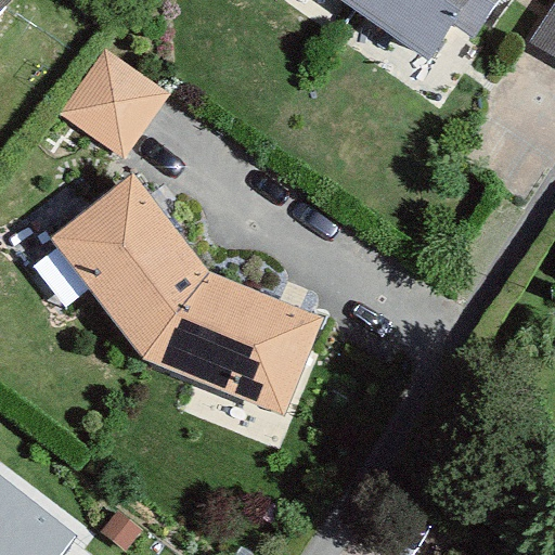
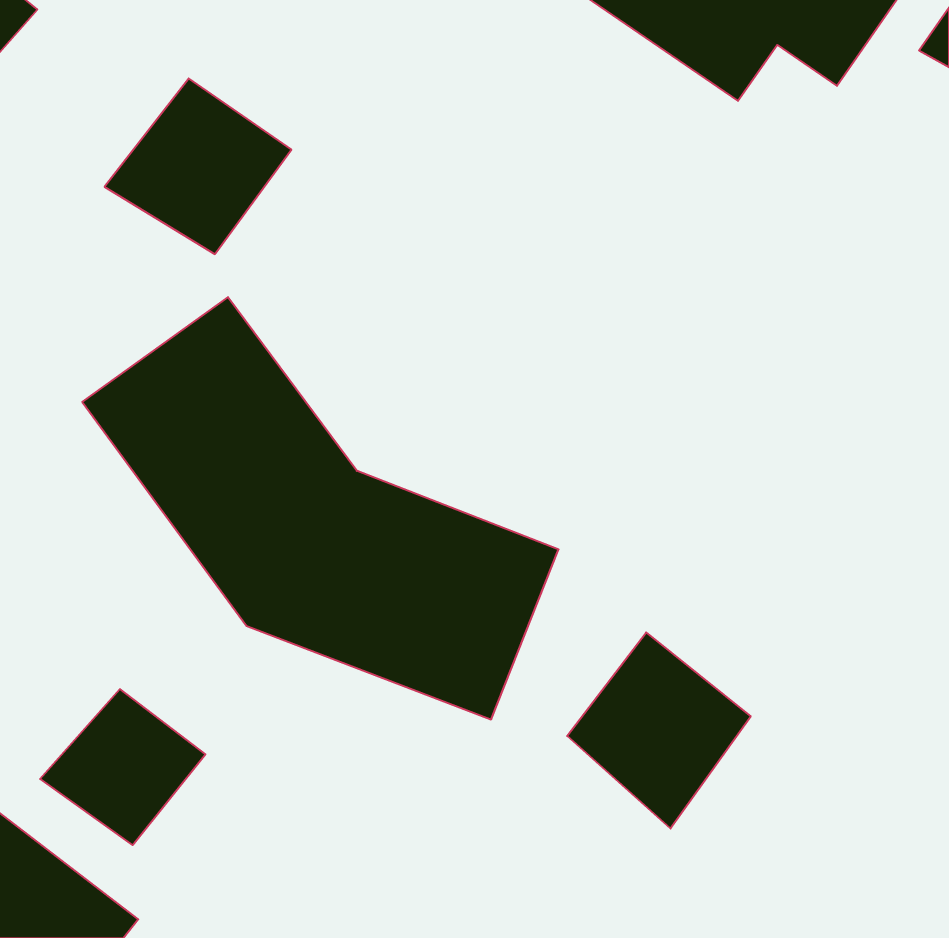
building: none -> [567,632,751,829]
building: none -> [40,689,205,845]

